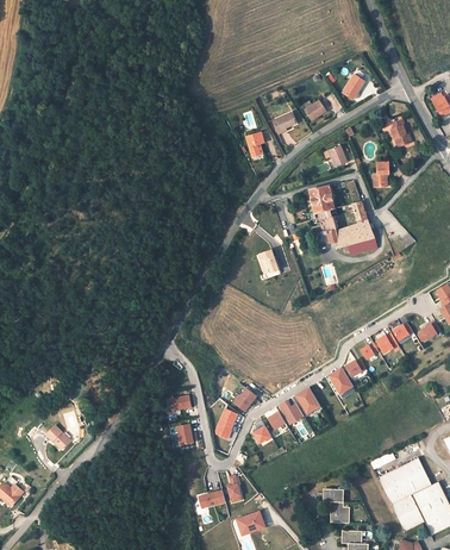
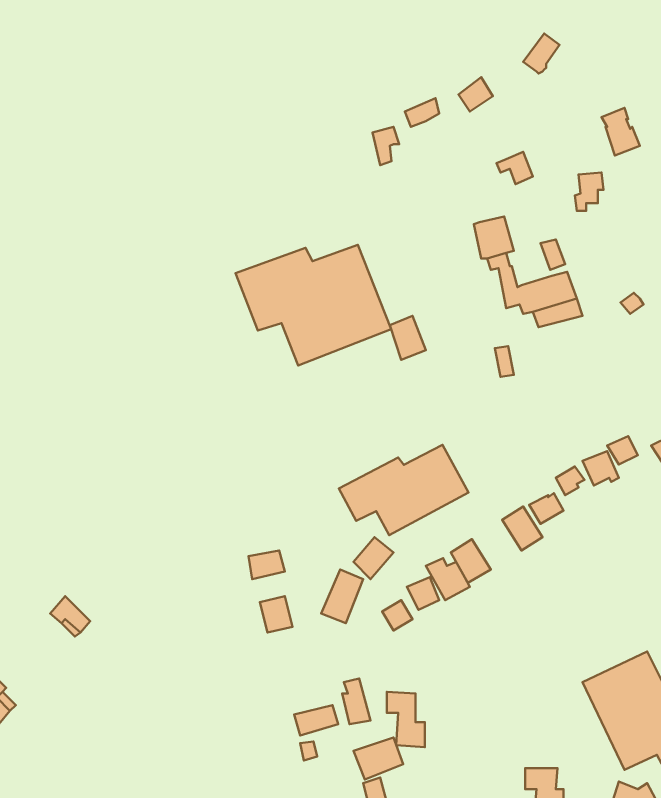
building: none -> [236,245,391,365]
building: none -> [339,445,469,535]
building: [324,488,348,523] -> [387,692,425,747]

